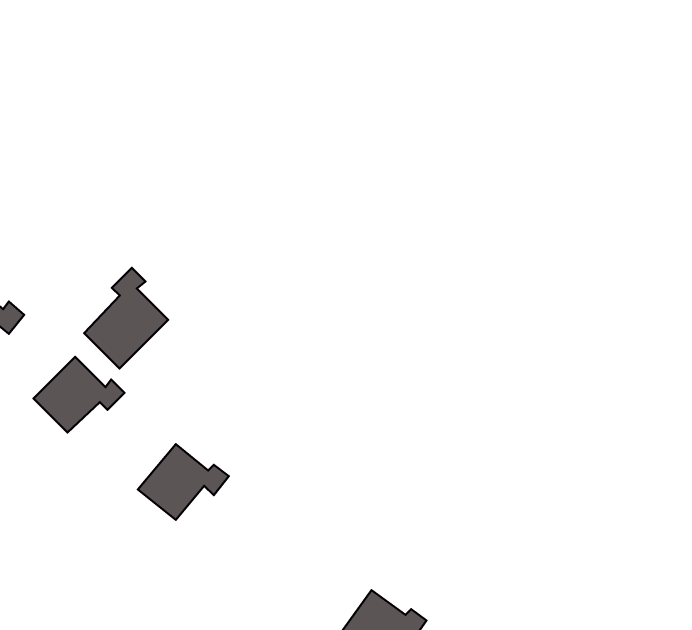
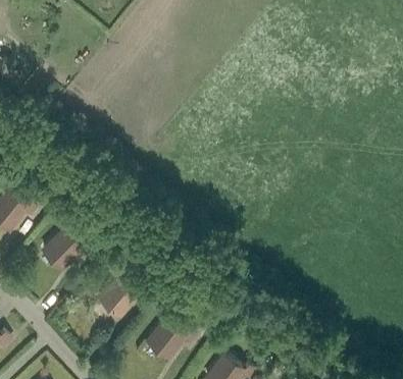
building: [84,268,168,369] -> none
building: none -> [144,319,193,360]

